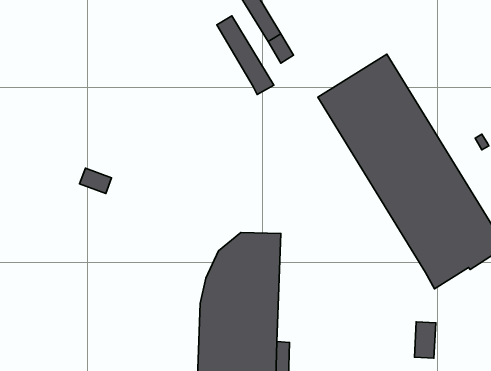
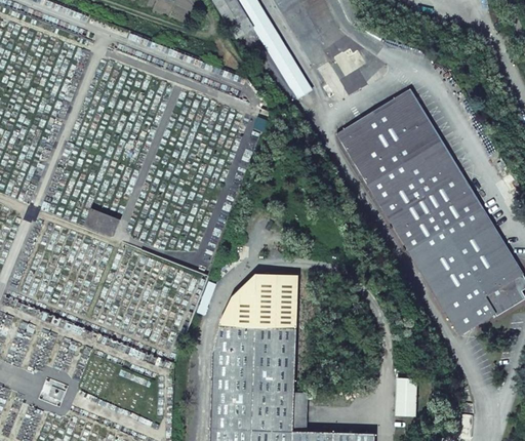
building: [217,16,274,95] -> none
building: [414,322,436,358] -> [395,377,417,415]

